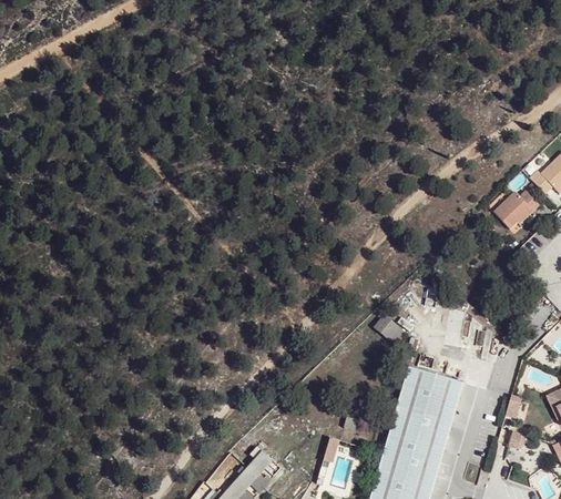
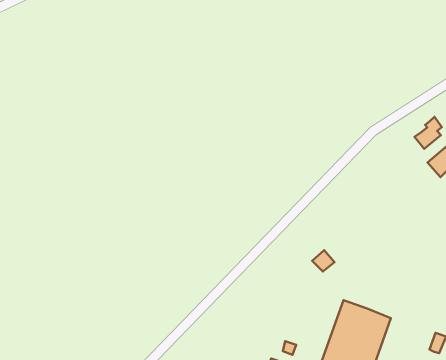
building: none -> [415,117,442,149]

